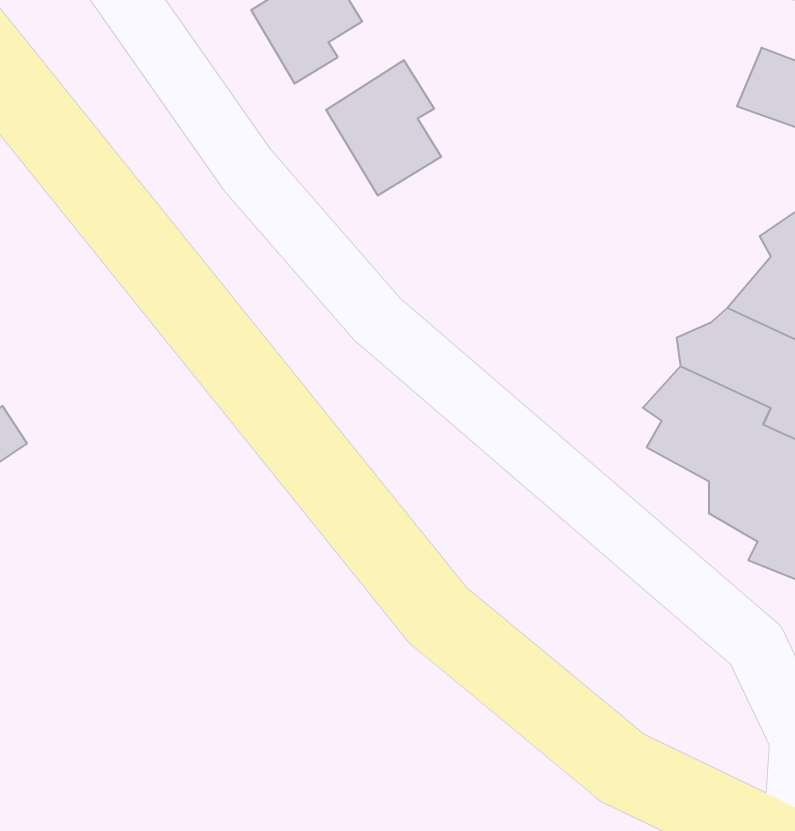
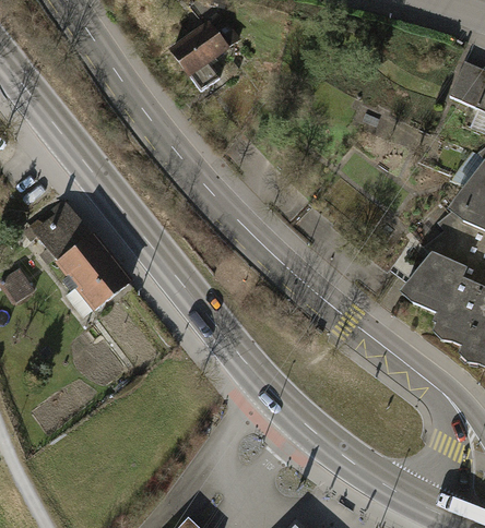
building: [326,60,441,196] -> none
building: none -> [28,202,133,317]

